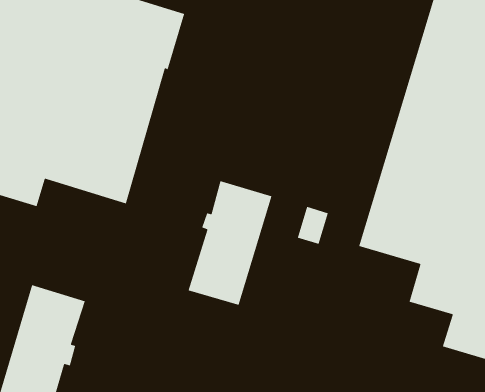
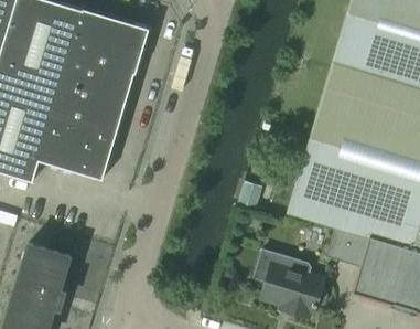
building: [187,180,273,306] -> none
building: none -> [260,264,327,318]

